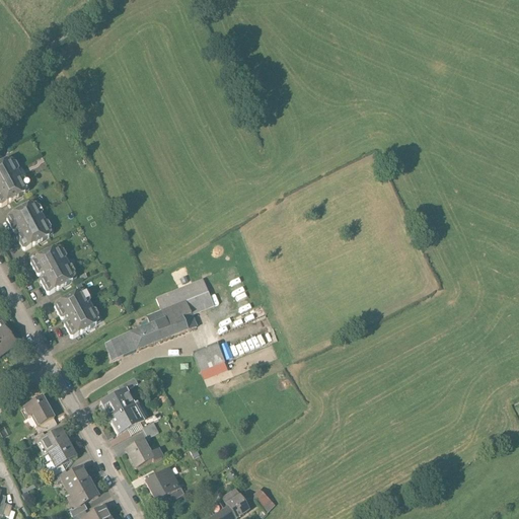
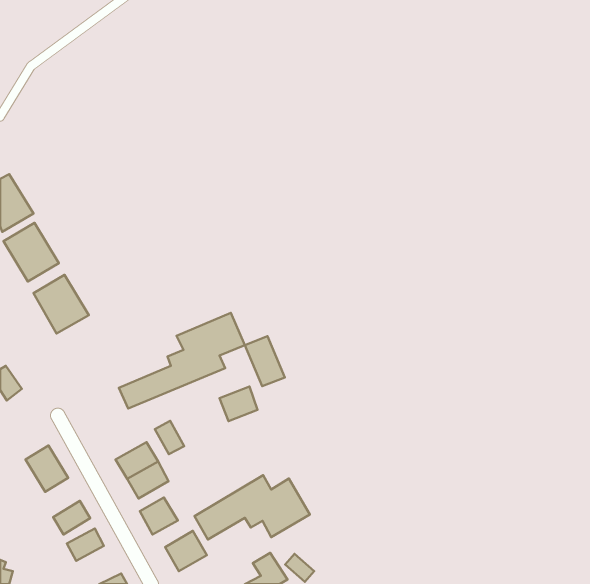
building: [54,286,99,336] -> none
building: none -> [245,336,285,386]
building: none -> [155,421,184,454]
building: none -> [194,475,310,540]
building: [36,424,70,454] -> none
building: [67,479,100,509] -> none

